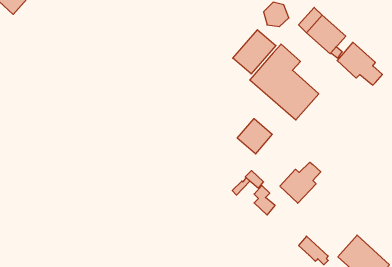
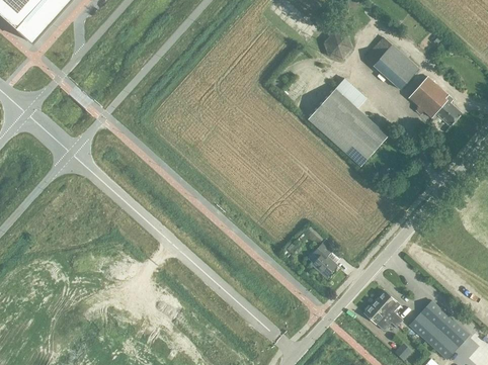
building: [233,30,276,74] -> none
building: [237,119,272,154] -> none
building: [280,162,321,203] -> none
building: none -> [373,290,402,324]

